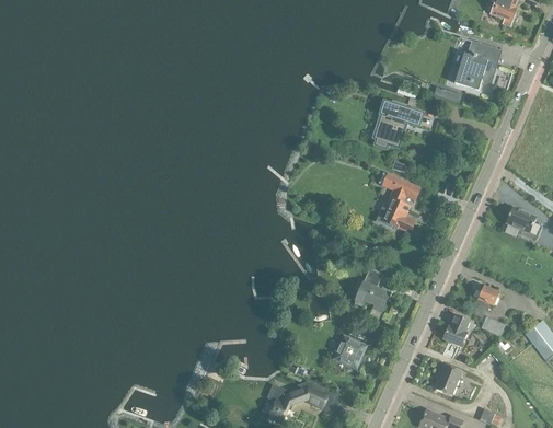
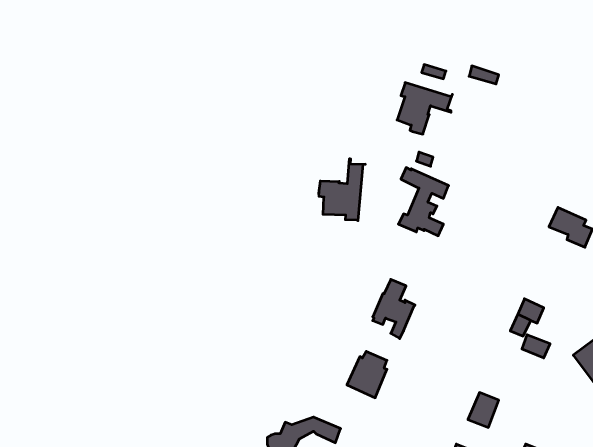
building: [456,41,495,89] -> none
building: none -> [319,159,365,221]
building: [443,314,471,346] -> none

